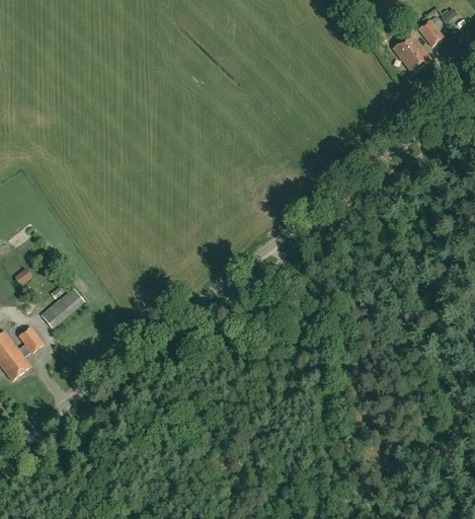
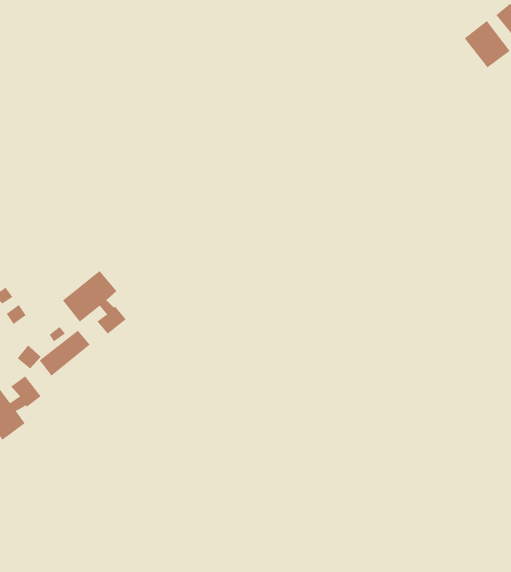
building: none -> [62,270,126,335]

